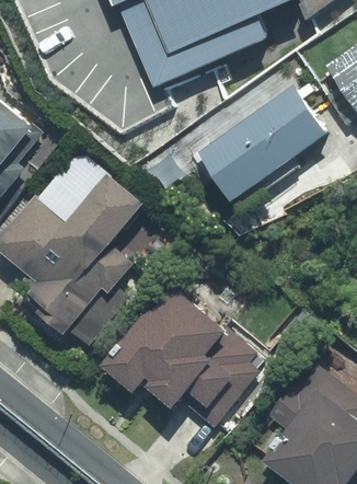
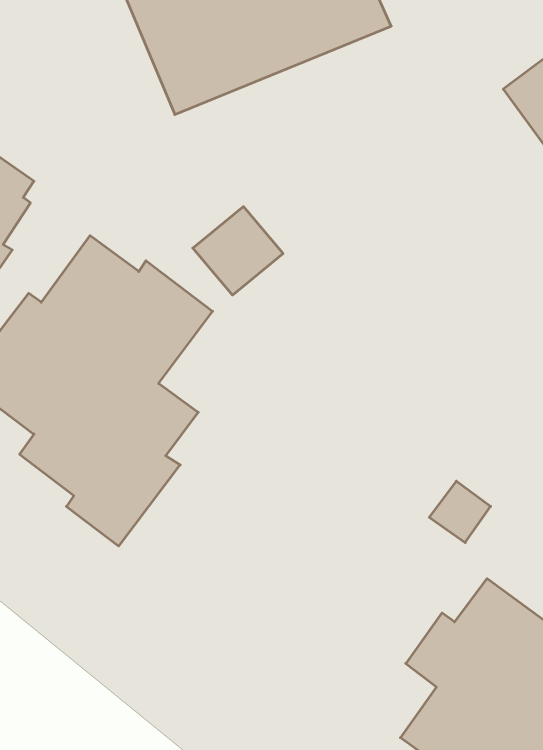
building: [196,88,326,205] -> none
building: [110,288,260,427] -> none

